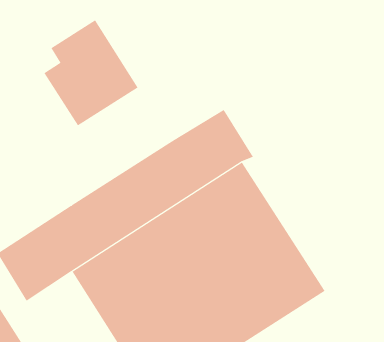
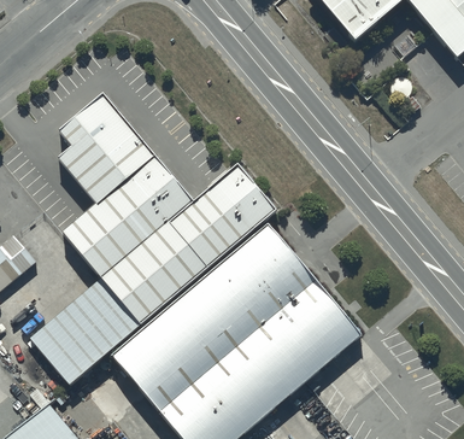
building: none -> [63,160,194,285]

